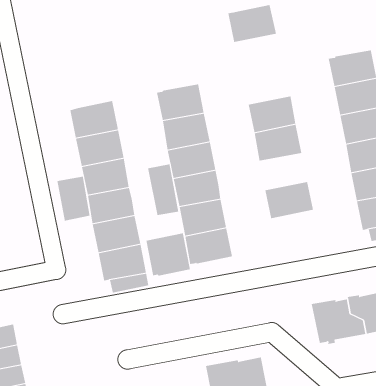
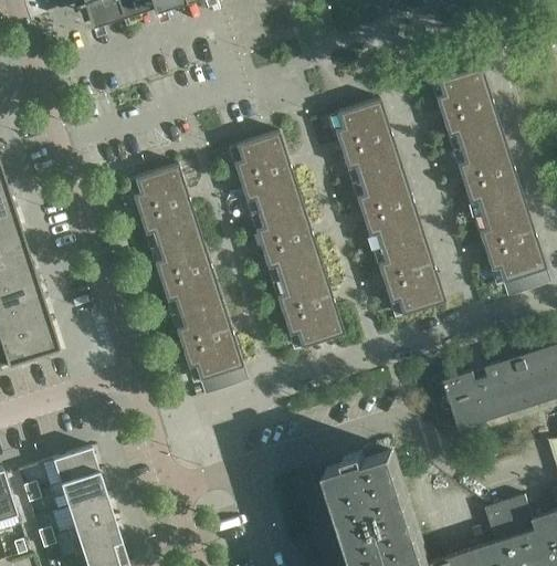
building: [228,5,277,43] -> [329,99,391,150]
building: none -> [361,201,423,251]
building: [147,163,179,216] -> none
building: [57,176,90,221] -> none
building: none -> [383,268,445,317]
building: [146,233,190,276] -> none

